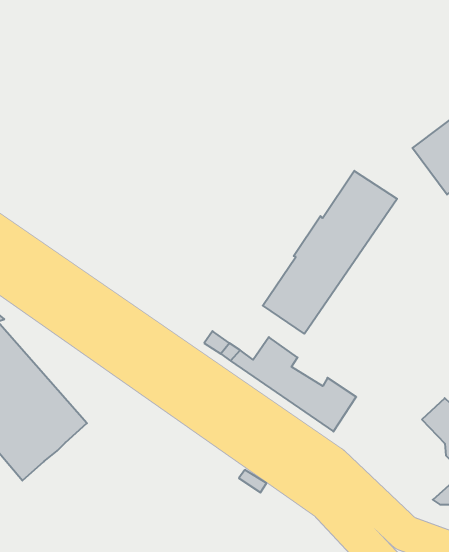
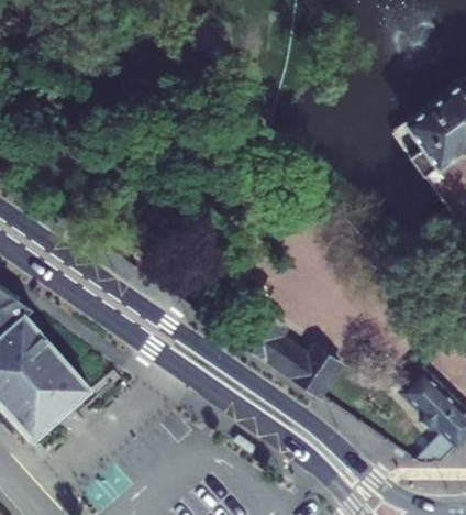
building: [263,171,397,334] -> none

